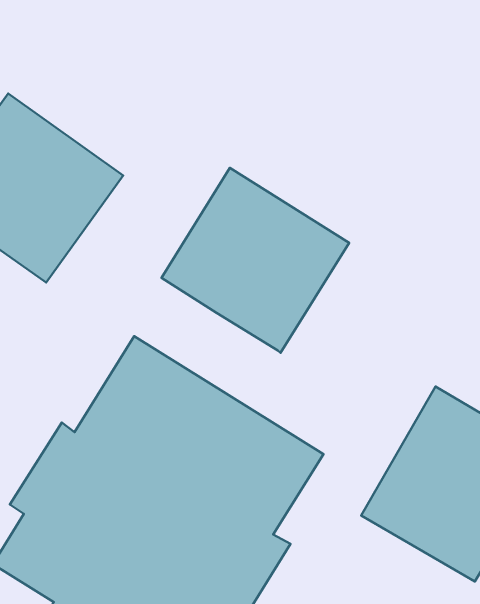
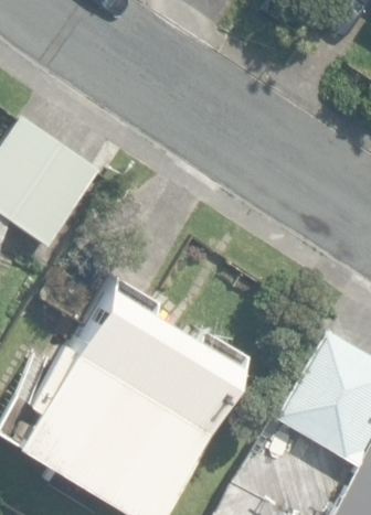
building: [161,168,349,353] -> none

